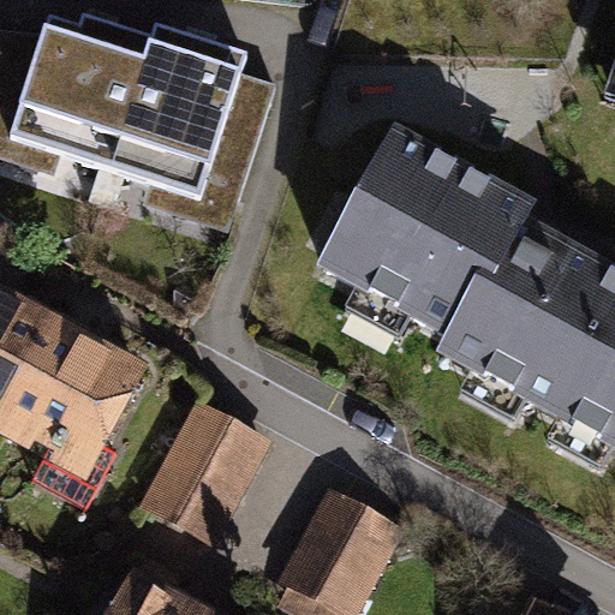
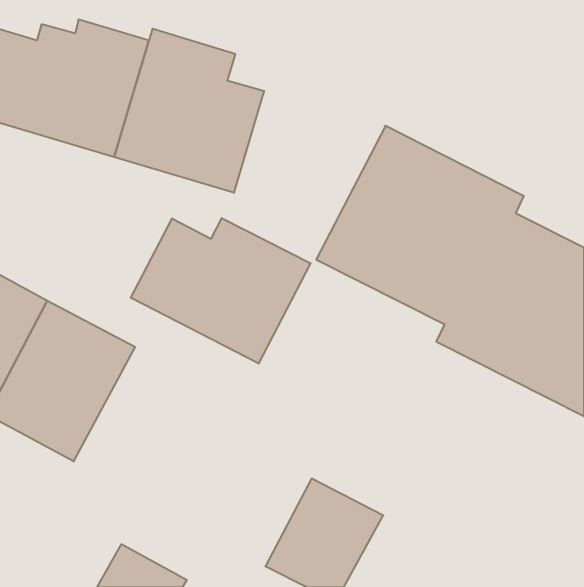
building: none -> [131,218,310,364]
building: [136,410,264,554] -> none

